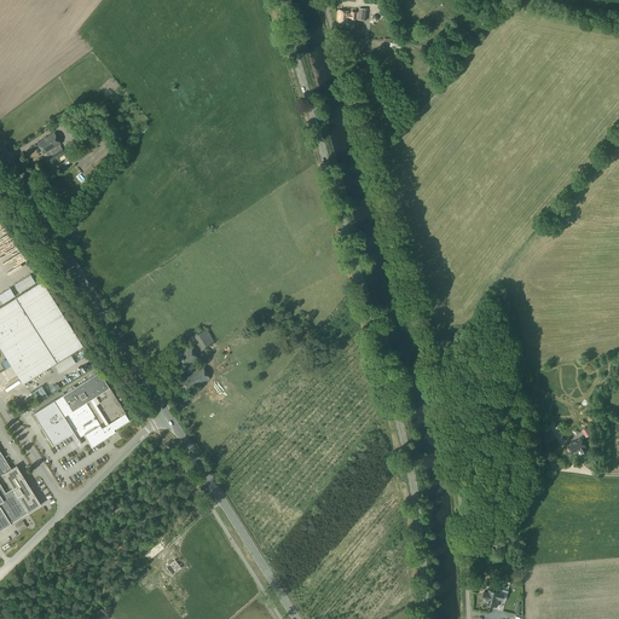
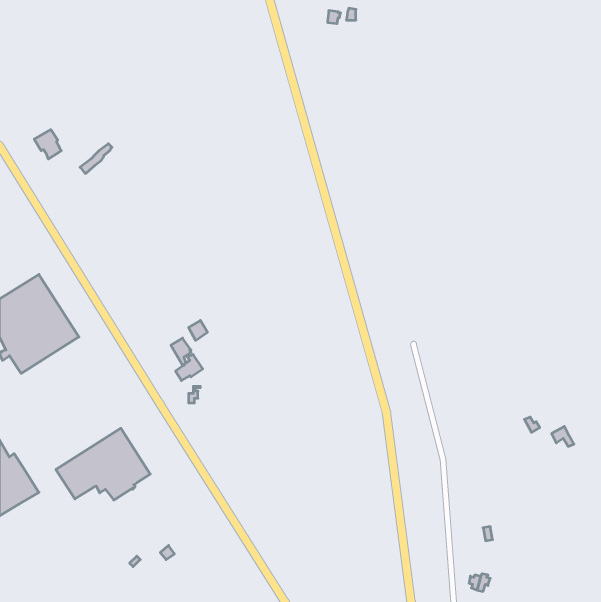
building: [31,372,128,446] -> [56,428,150,500]

